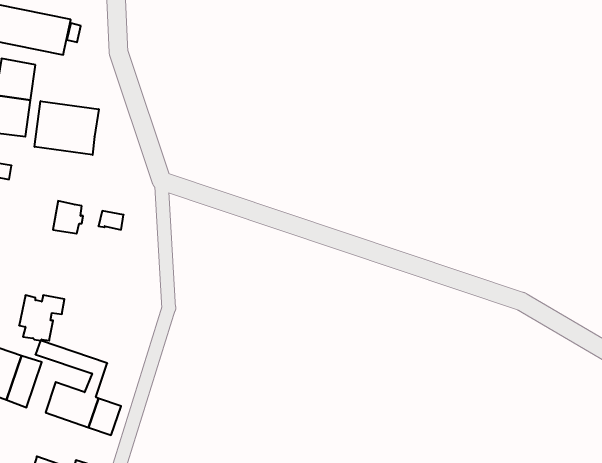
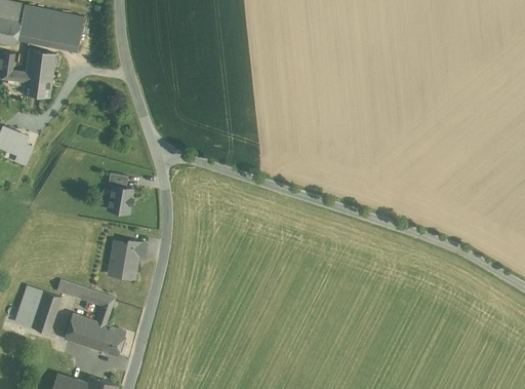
building: [35,101,99,155] -> none
building: [53,201,83,234] -> [108,186,132,212]
building: [19,295,64,341] -> [109,241,146,278]

